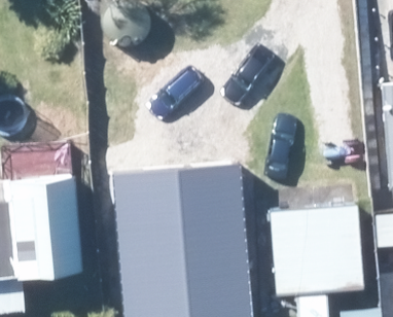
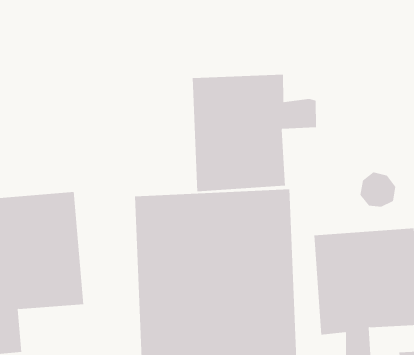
building: none -> [192,74,317,192]

